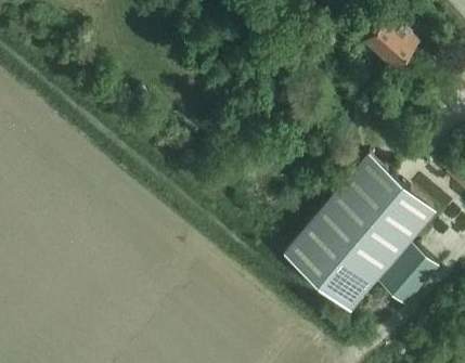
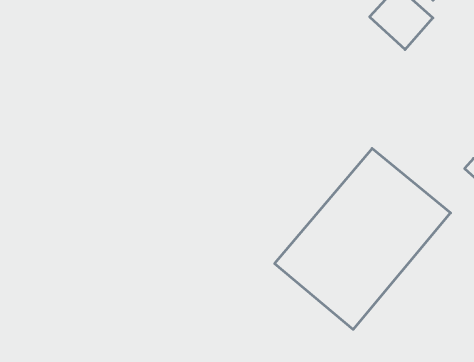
building: [379,246,436,304] -> none

